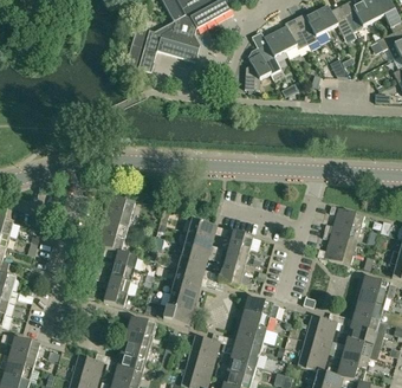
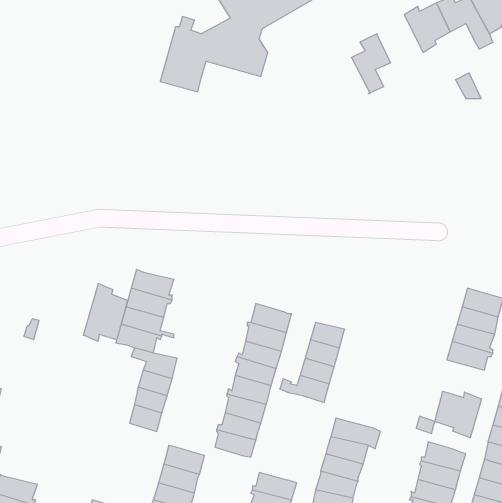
building: [275,17,310,57] -> none
building: [245,46,271,88] -> none
building: none -> [83,283,128,341]
building: none -> [435,391,481,438]

